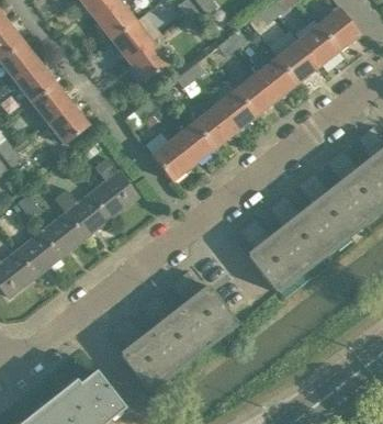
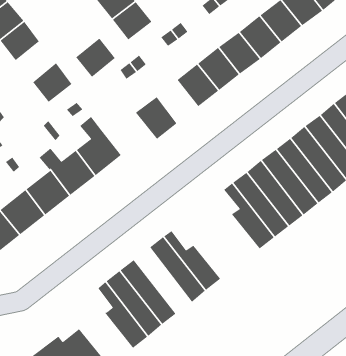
building: [31,82,71,123] -> [75,37,116,78]
building: [172,121,214,165] -> none
building: [149,289,207,356] -> none

